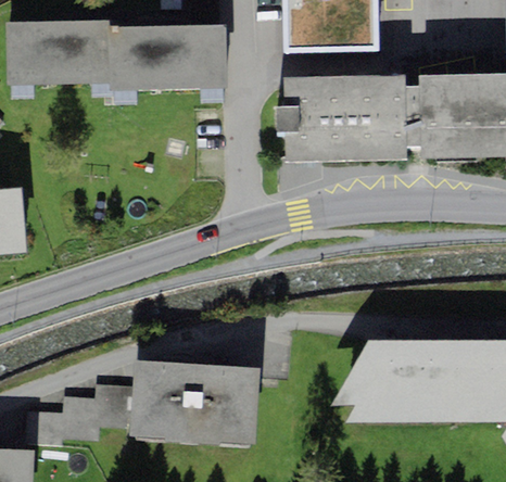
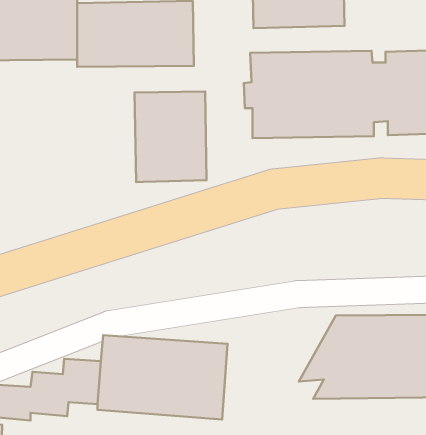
building: none -> [135,92,207,182]

